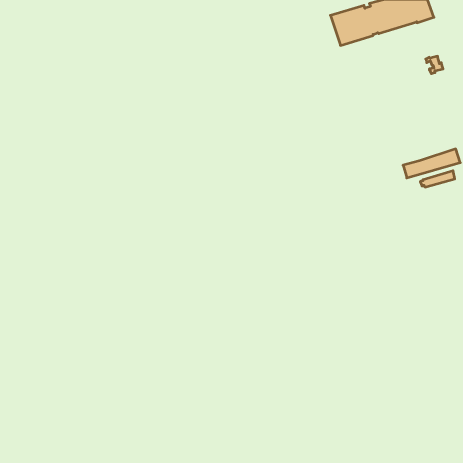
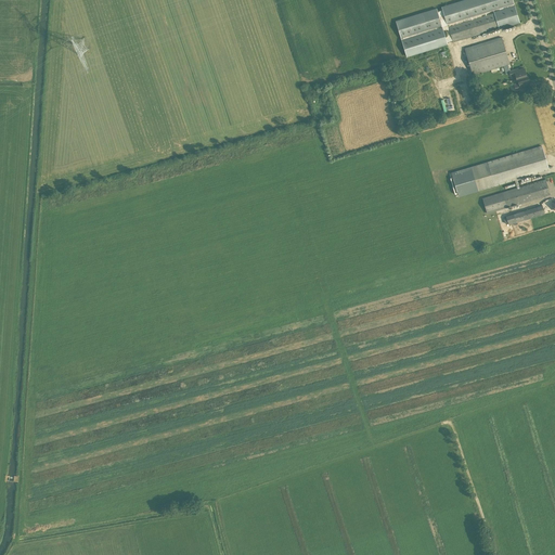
building: none -> [463,36,508,75]
building: none -> [451,145,547,195]

